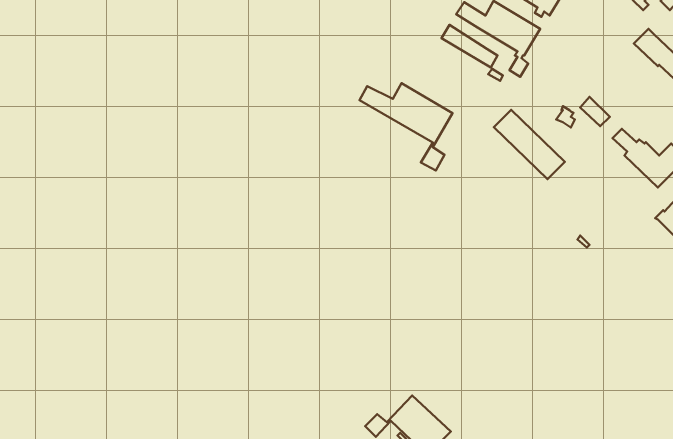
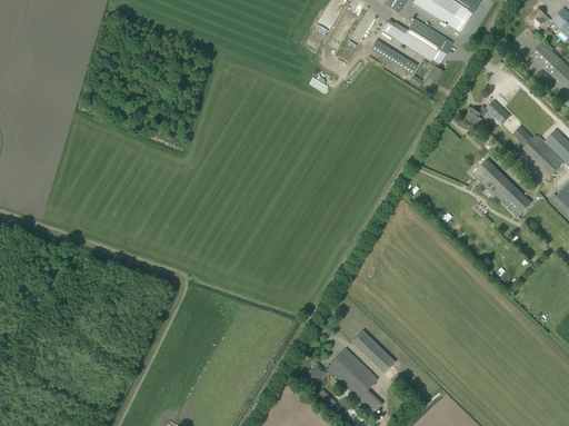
building: [360,83,452,171] -> none
building: [494,110,565,179] -> [473,159,532,217]
building: none -> [352,329,397,373]

